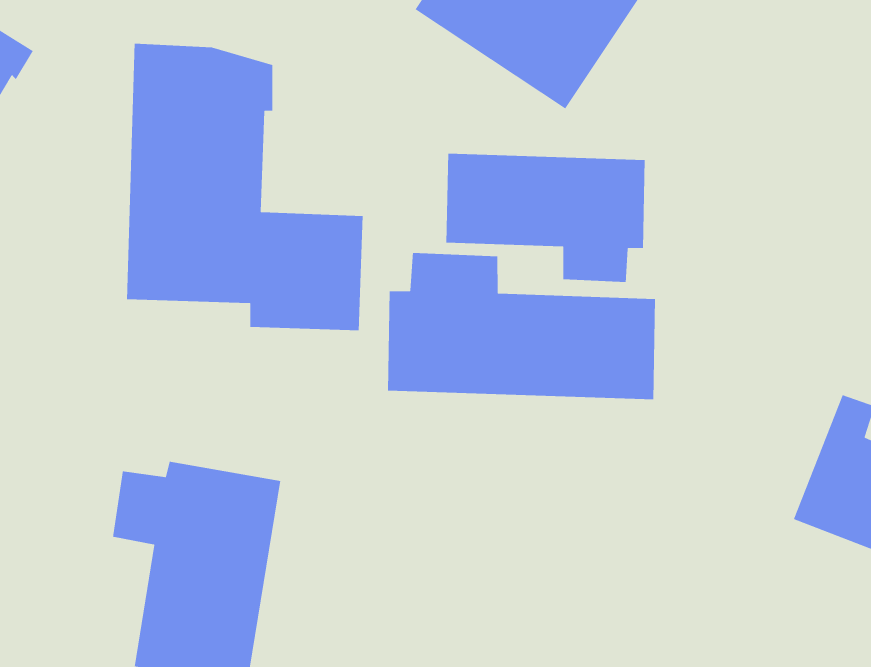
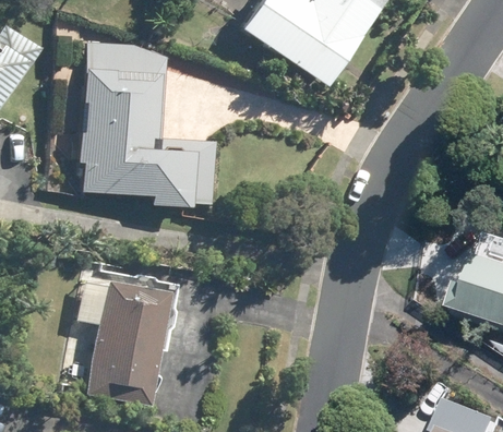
building: [446,153,645,283] -> none
building: [387,252,656,400] -> none

